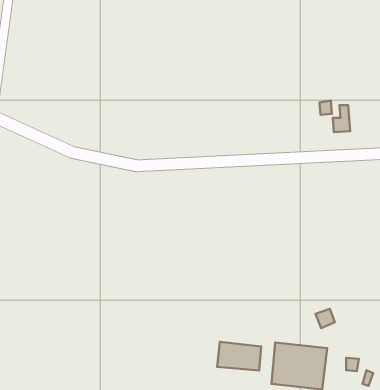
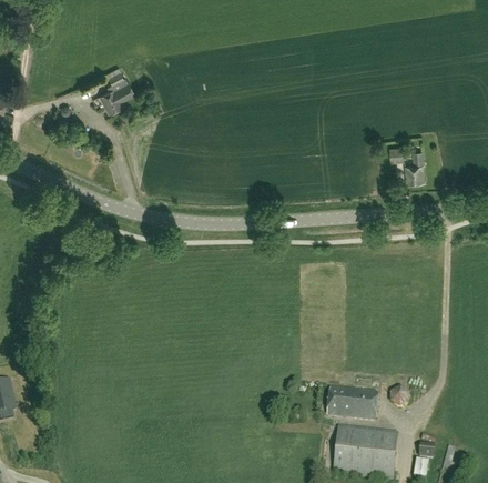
building: none -> [99,71,134,114]
building: [217,342,261,371] -> [327,388,378,421]

